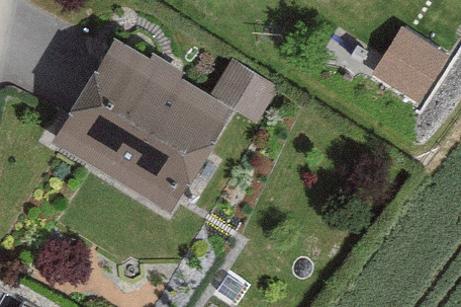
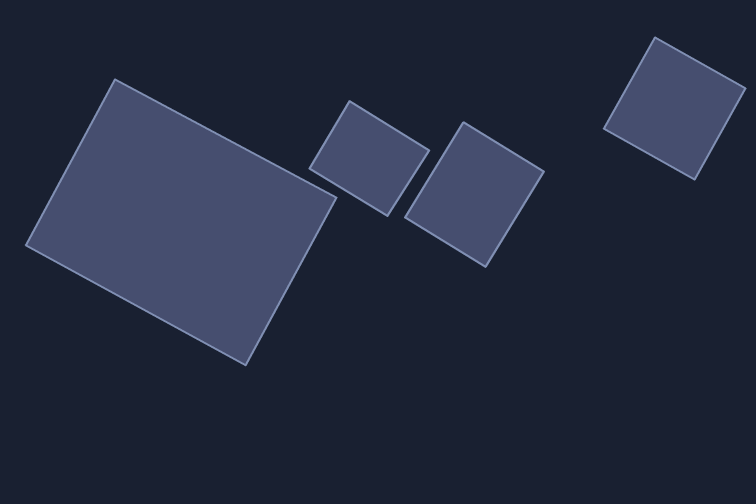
building: none -> [405,122,544,267]

